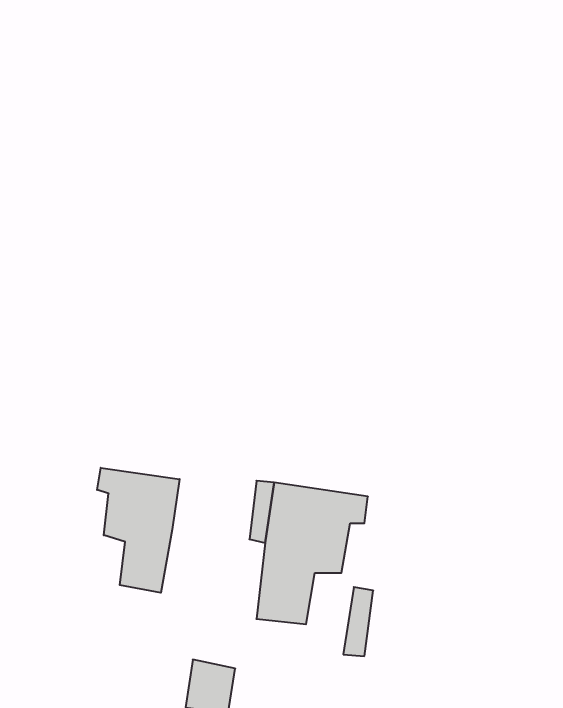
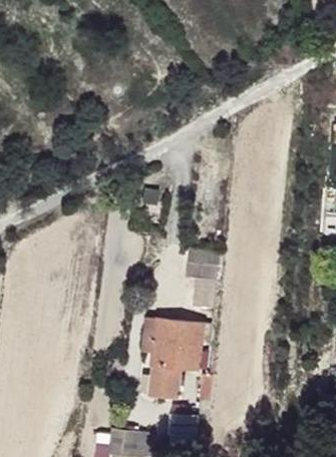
building: [97,468,180,593] -> none

